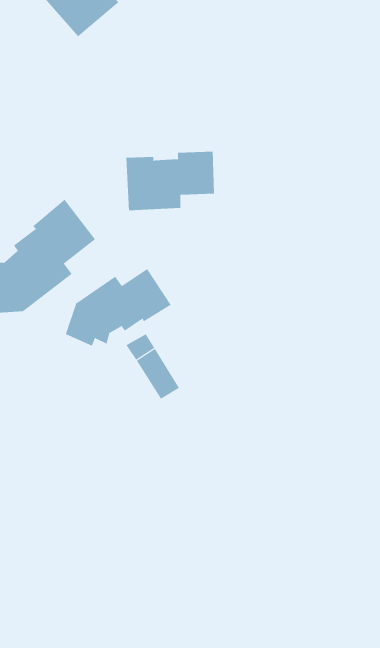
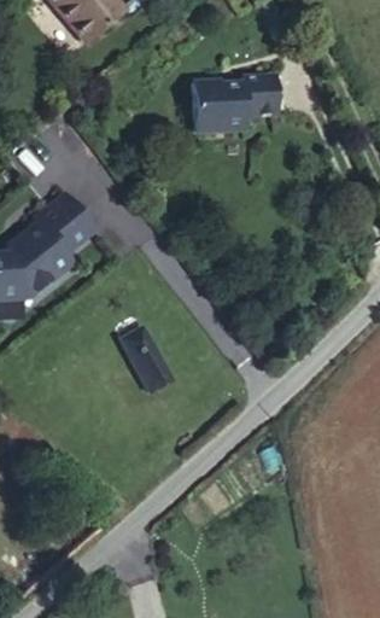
building: [126,151,215,211] -> [198,74,281,129]
building: [65,268,172,346] -> none

